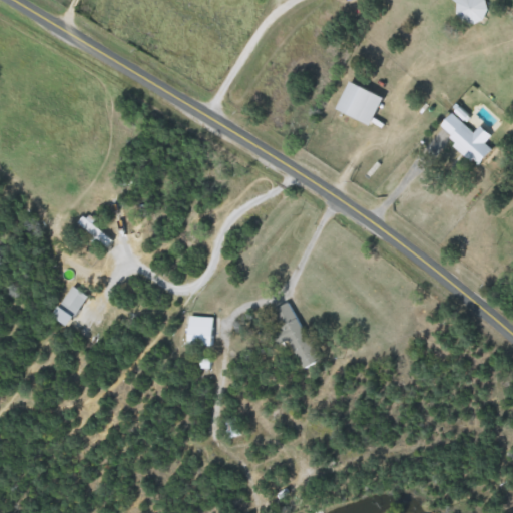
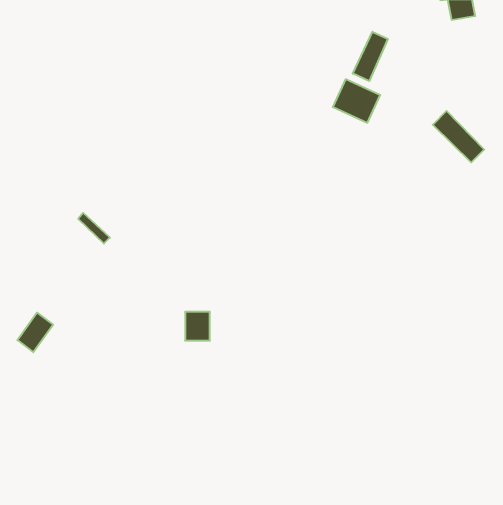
building: none -> [353,32,388,81]
building: [53,285,89,325] -> [17,313,53,352]
building: [265,301,318,368] -> none

